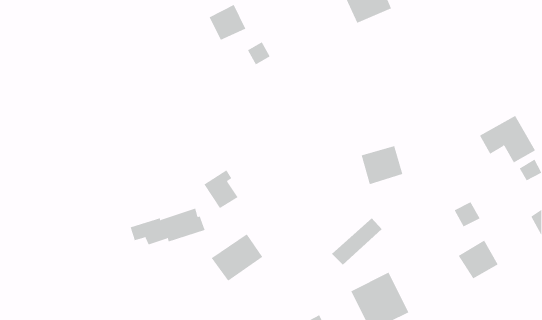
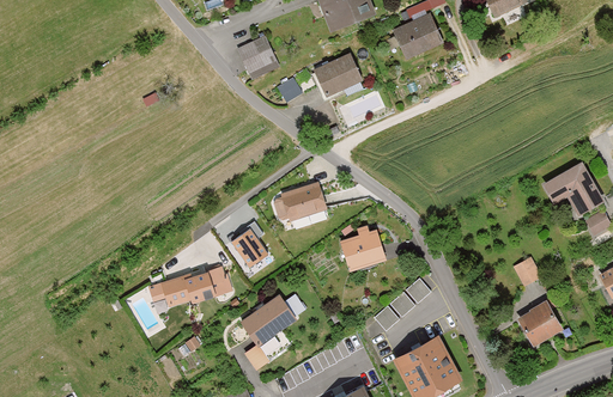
building: none -> [309,53,364,99]
building: none -> [284,183,333,226]
building: [361,146,403,185] -> [342,232,390,276]

